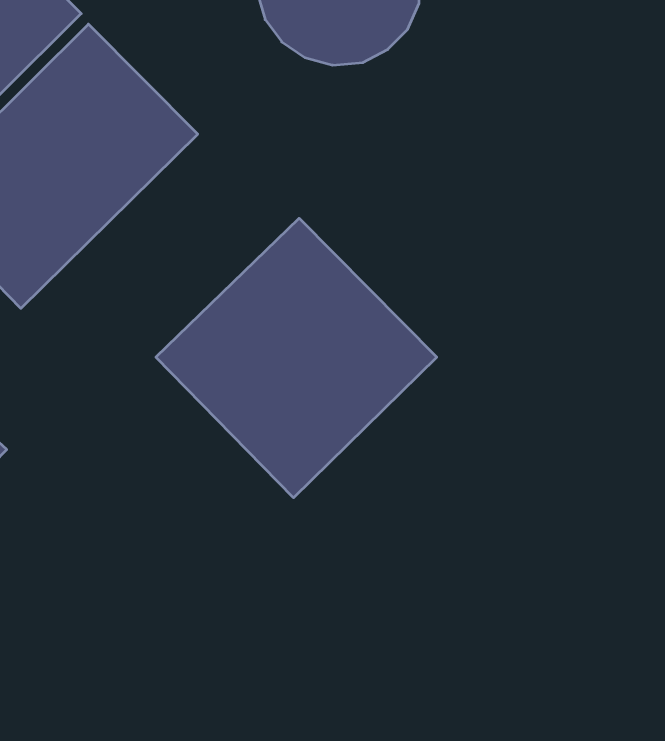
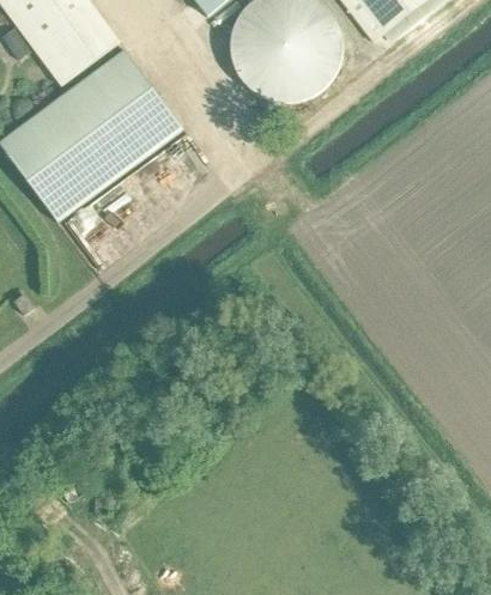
building: [156,218,437,498] -> none

